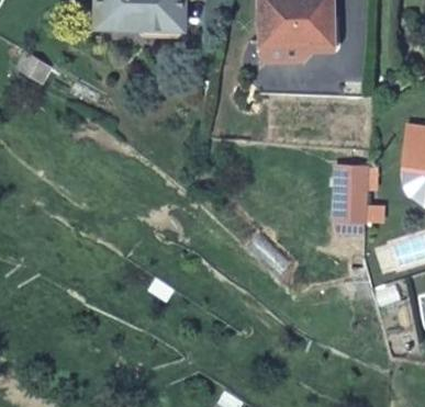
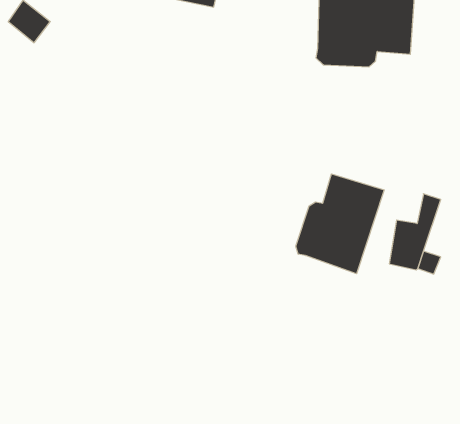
building: none -> [296,174,384,274]

